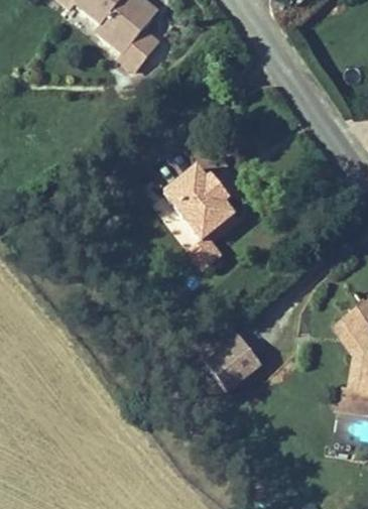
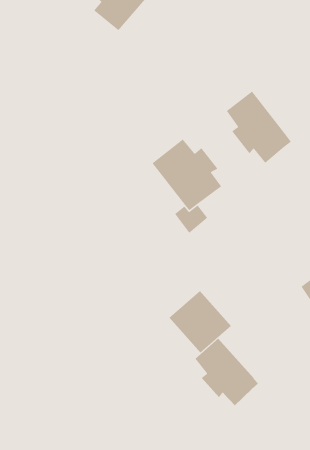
building: none -> [226,91,292,164]
building: none -> [194,338,259,406]

